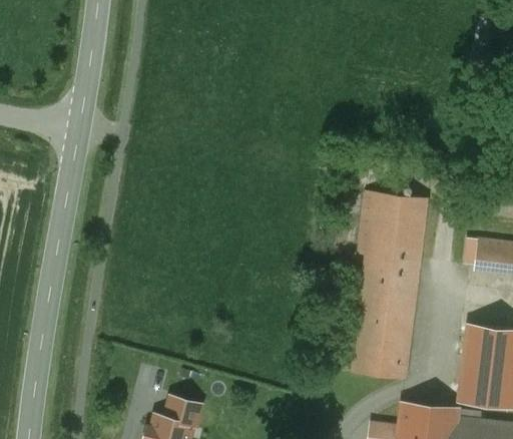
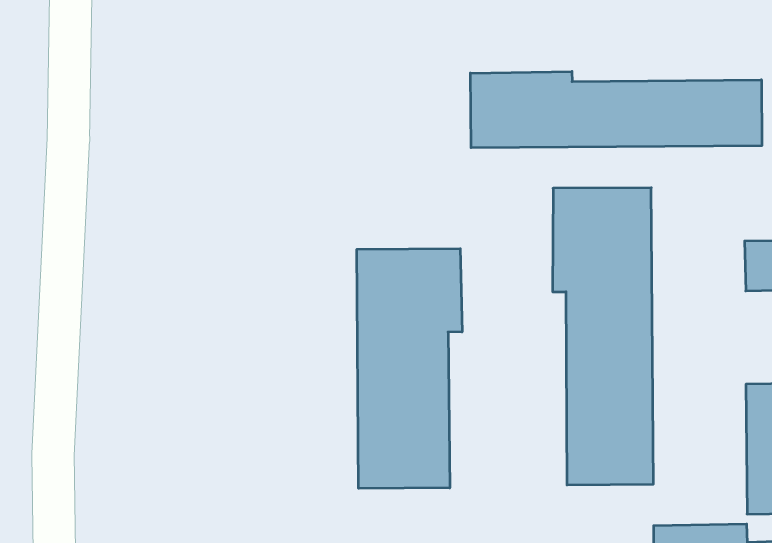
building: none -> [470,71,762,148]
building: none -> [357,249,462,488]

